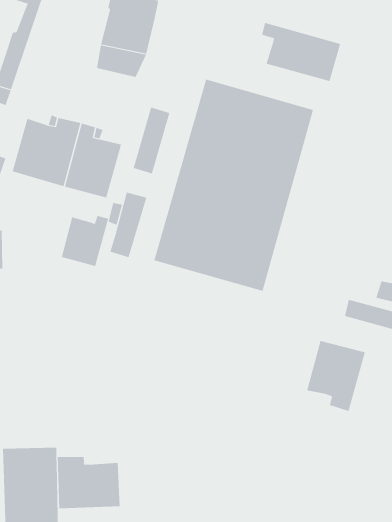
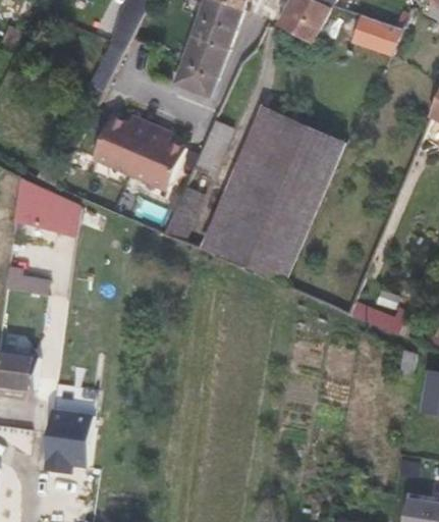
building: [261,22,341,82] -> none
building: [61,215,109,267] -> none
building: [307,340,366,412] -> none
building: [57,456,120,509] -> none

